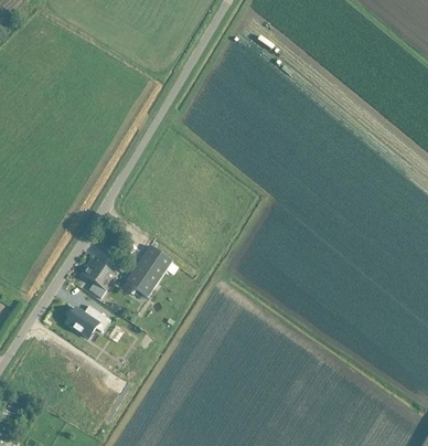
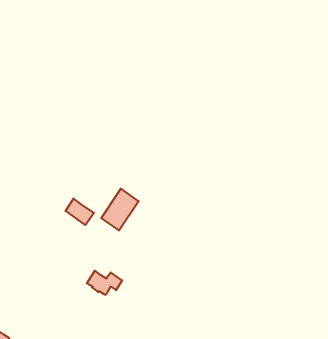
building: [66,307,110,337] -> [87,271,122,295]

